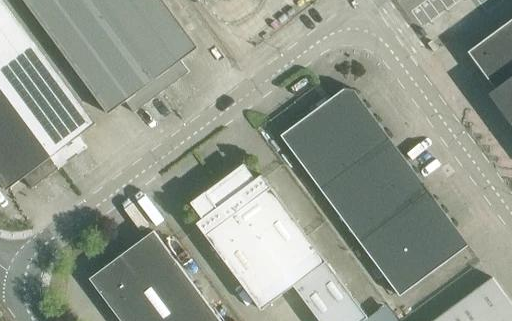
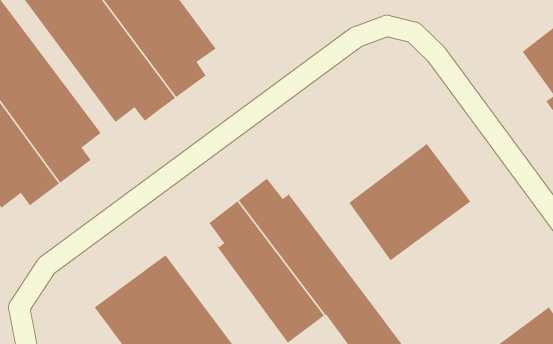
building: [281,88,385,185] -> none
building: [352,183,469,299] -> none

